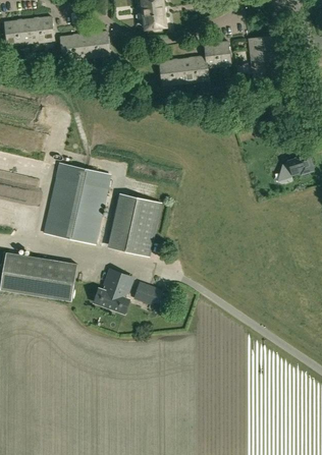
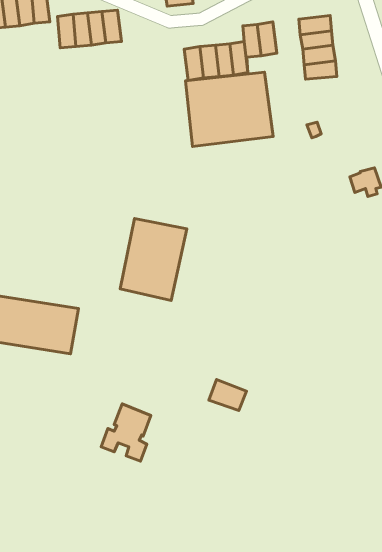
building: none -> [185,72,273,146]
building: [43,162,110,243] -> none
building: [95,270,133,315] -> [101,404,151,461]
building: [132,281,162,305] -> [209,379,247,411]

